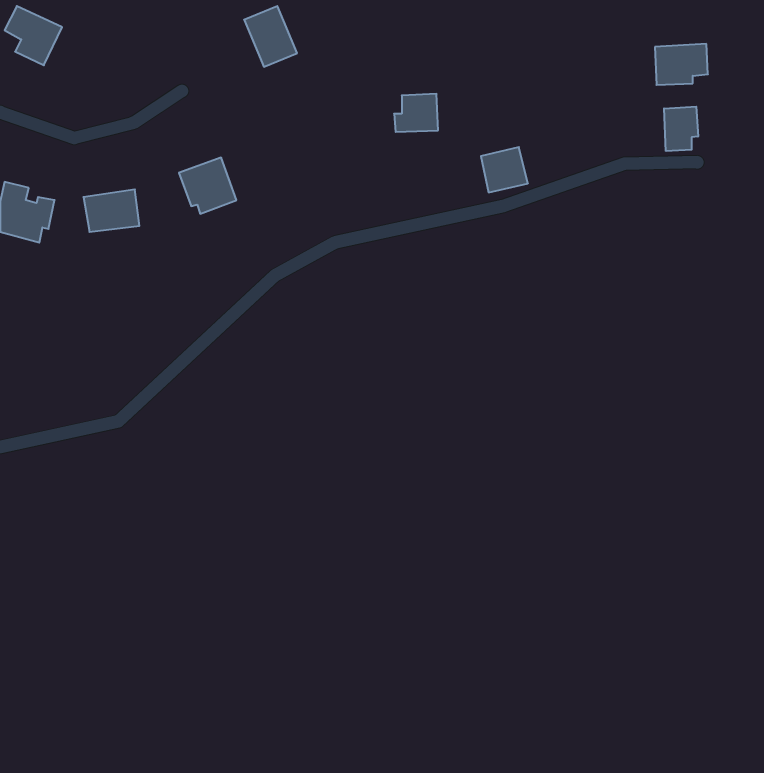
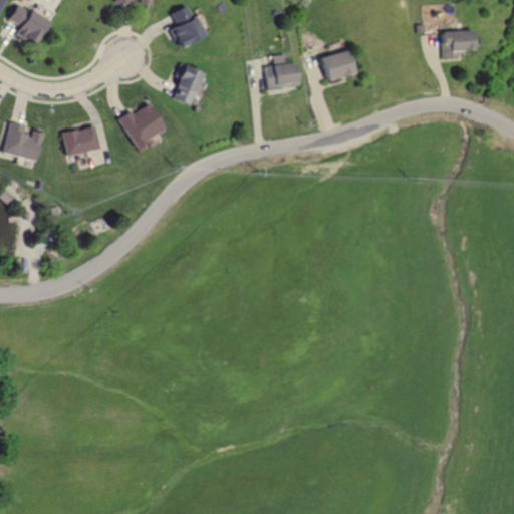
building: none -> [175,67,200,105]
building: [664,107,698,151] -> none
building: [481,147,528,192] -> [322,51,353,81]

